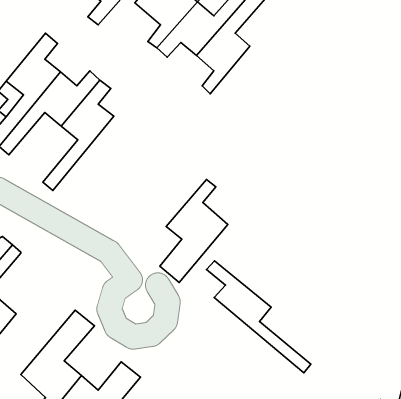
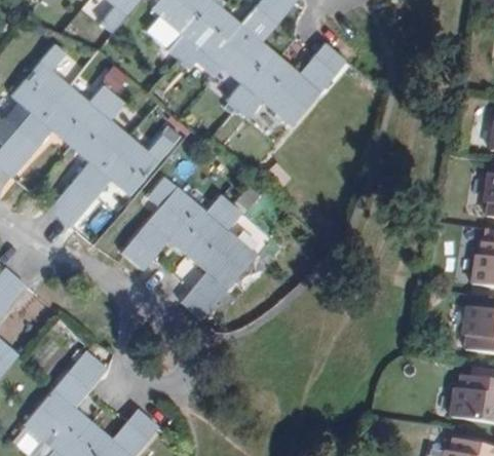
building: none -> [236,42,346,124]
building: none -> [61,126,173,225]
building: none -> [121,176,232,268]
building: [207,261,311,373] -> none

